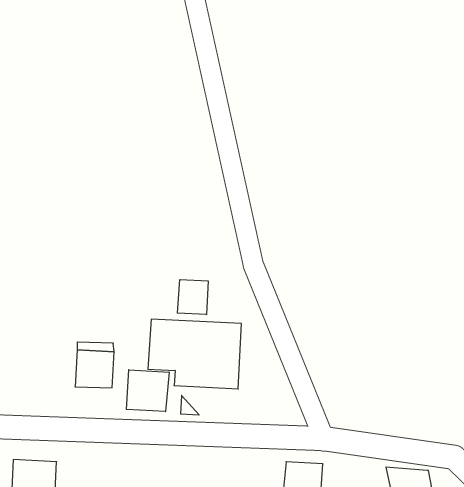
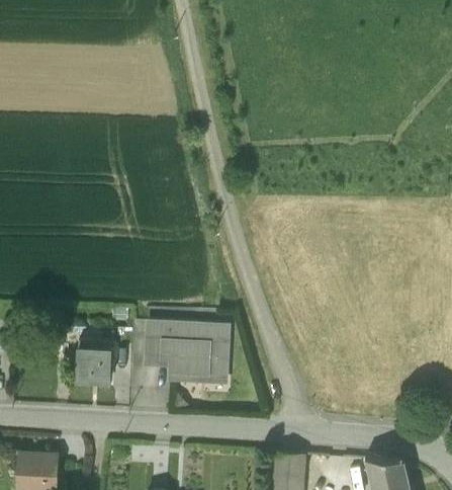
building: [177,280,208,315] -> none
building: [126,370,169,412] -> none

